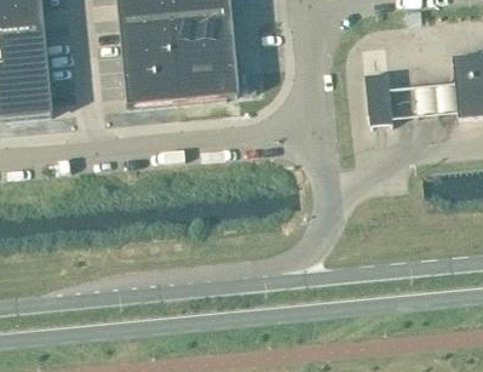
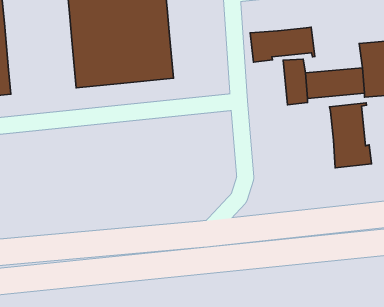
building: none -> [250,27,315,62]
building: none -> [330,103,372,168]

